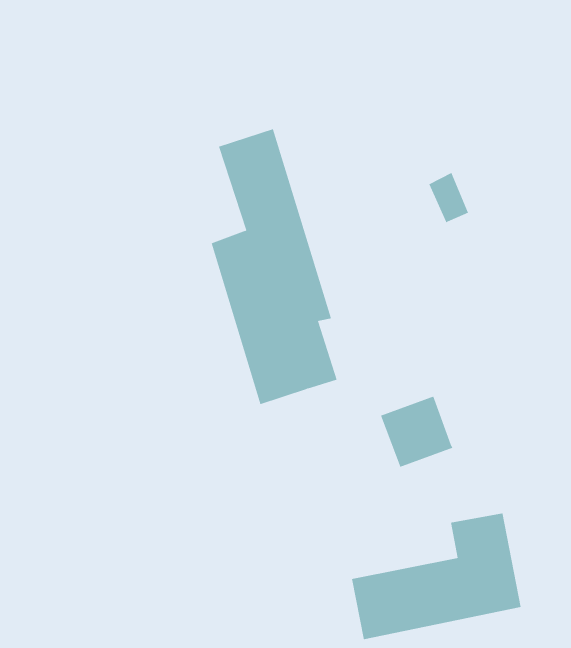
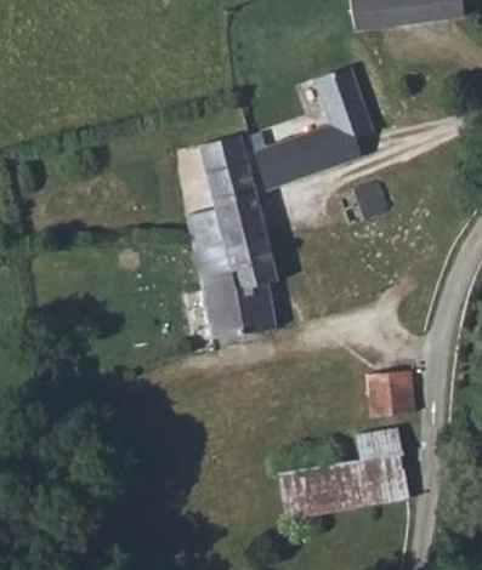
building: none -> [254,63,372,188]
building: [380,396,453,467] -> [370,371,423,422]

